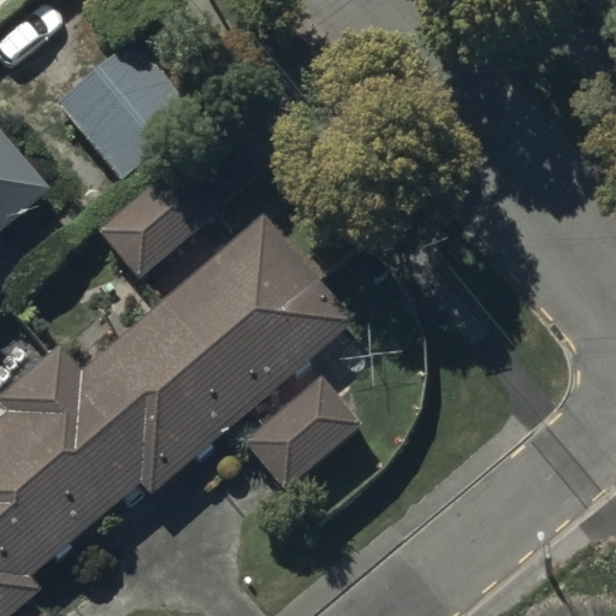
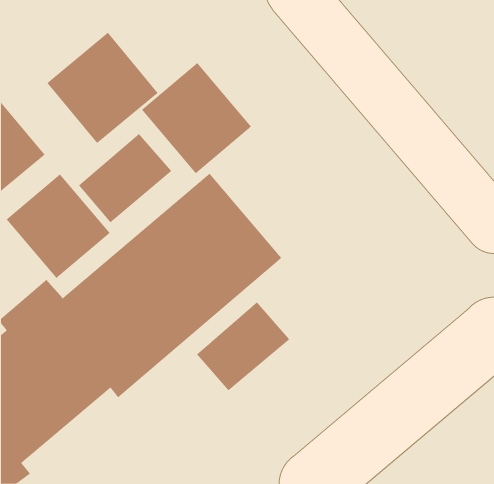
building: none -> [141,62,252,174]
building: none -> [6,174,111,279]

